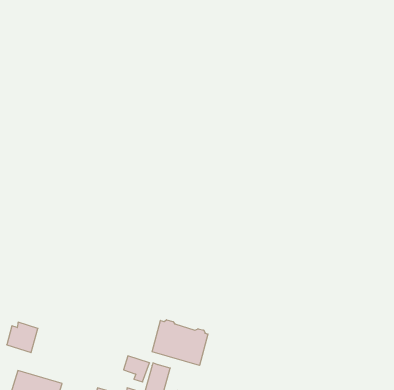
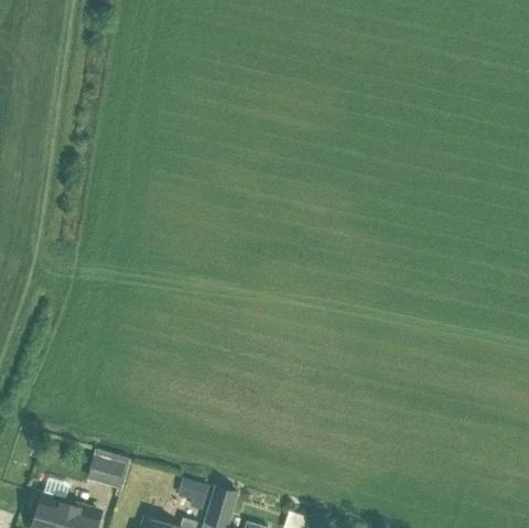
building: [152,320,208,365] -> none
building: [7,322,38,353] -> [87,452,127,491]

